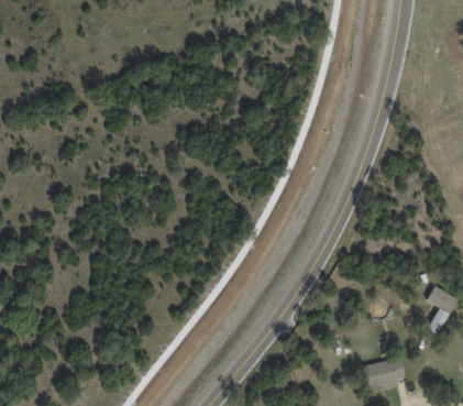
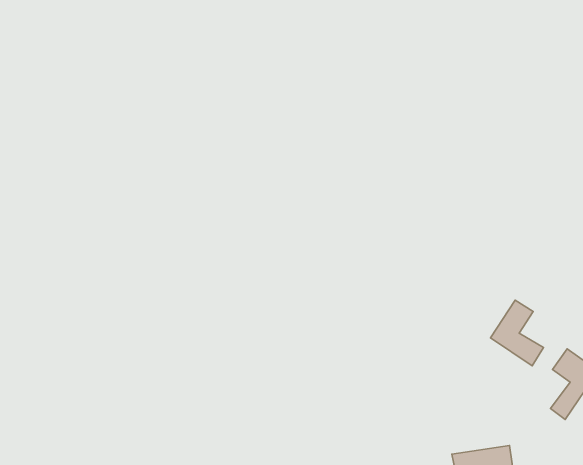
building: none -> [490,300,544,366]

